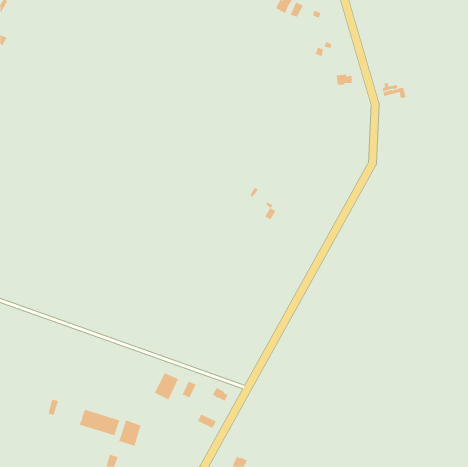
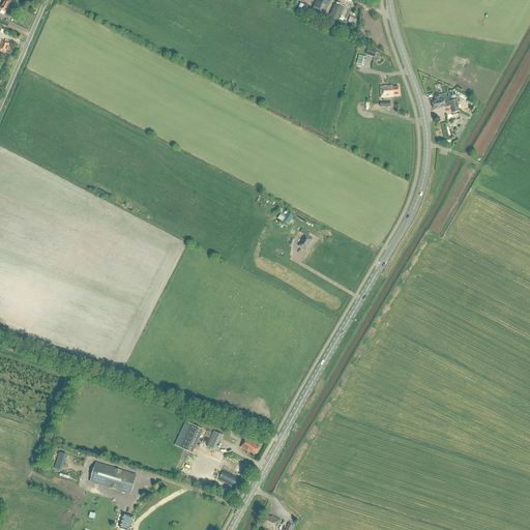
building: [119,419,141,446] -> none

